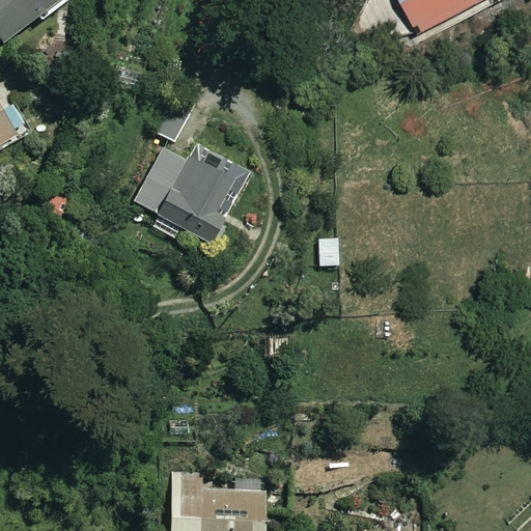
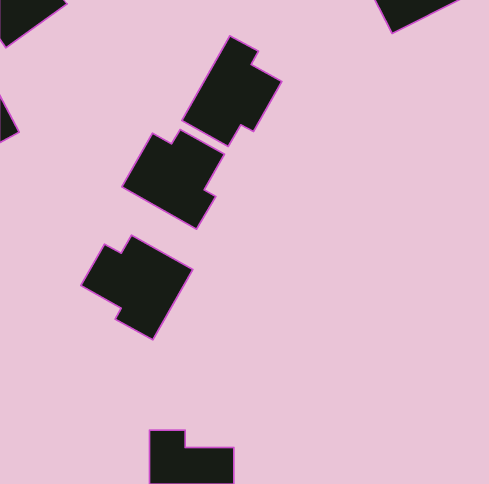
building: none -> [182,36,282,146]
building: none -> [81,235,193,340]

